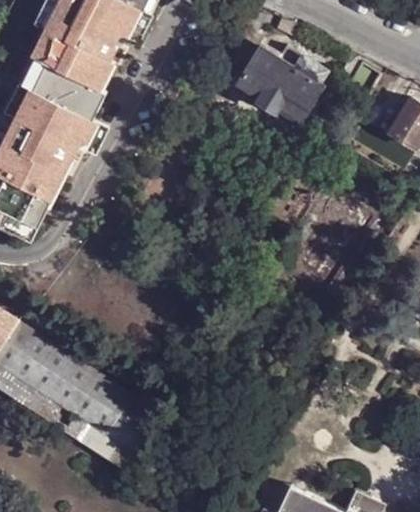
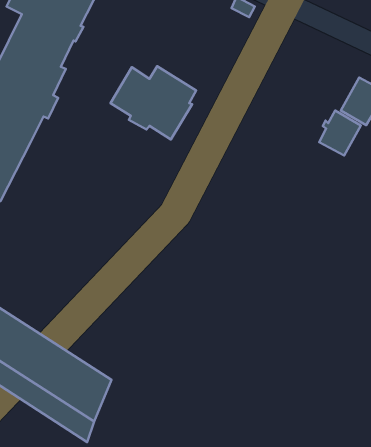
building: [235,46,323,121] -> [110,66,196,139]
building: none -> [319,111,361,156]

